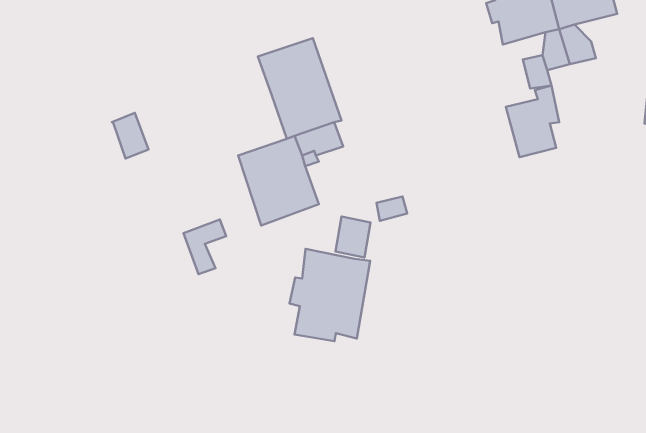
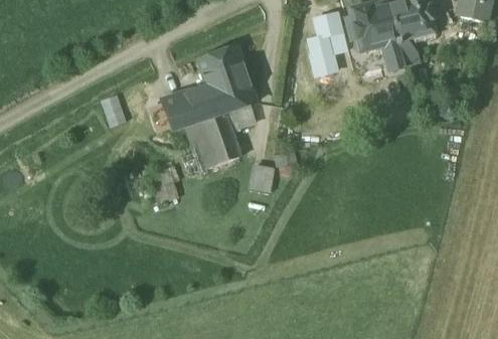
building: [506,86,559,157] -> [309,25,344,72]
building: none -> [162,83,218,129]
building: [290,249,370,341] -> none

